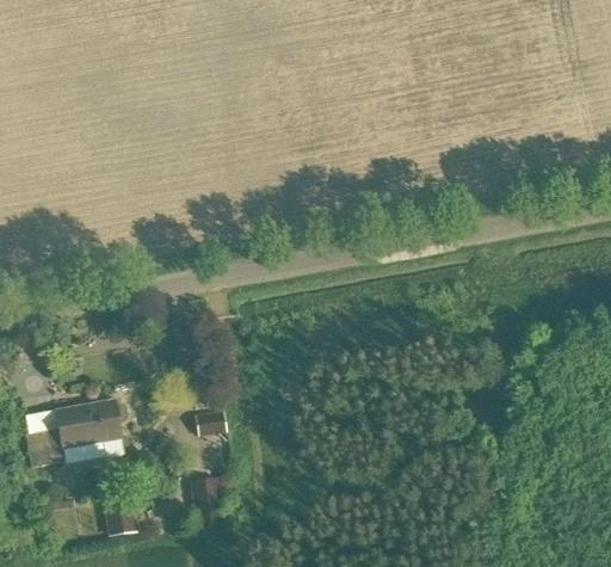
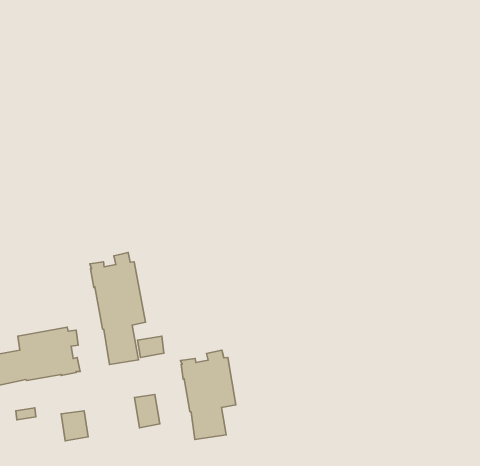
building: none -> [90,252,145,364]
building: none -> [181,350,236,439]

